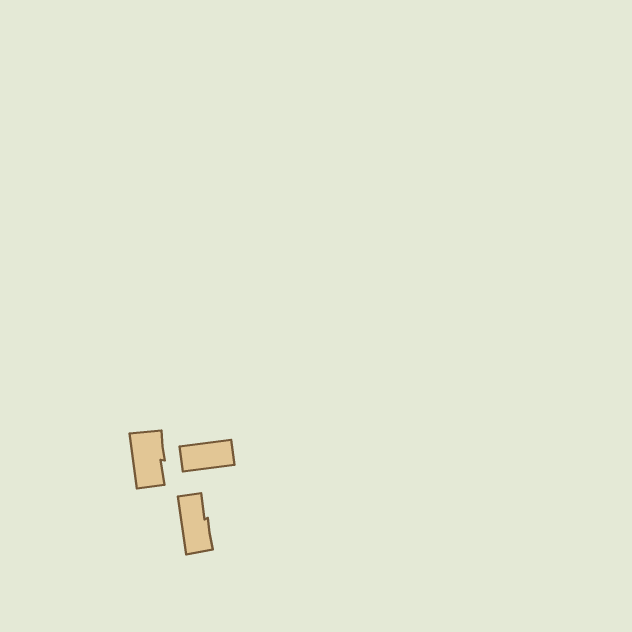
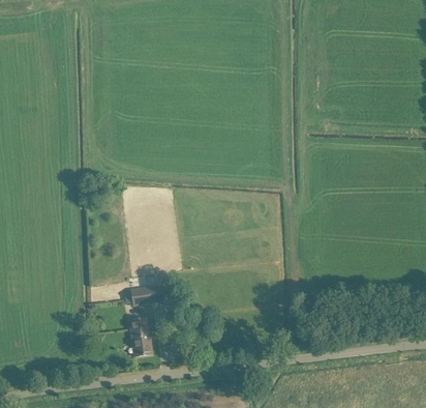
building: [130,430,165,489] -> none

